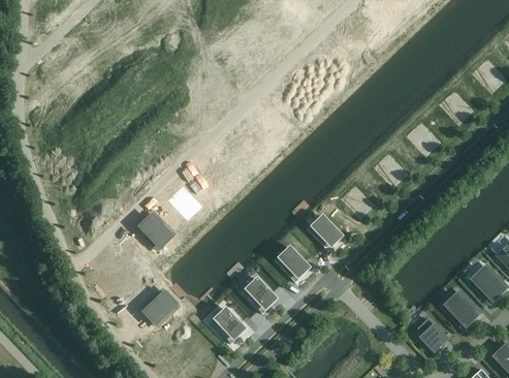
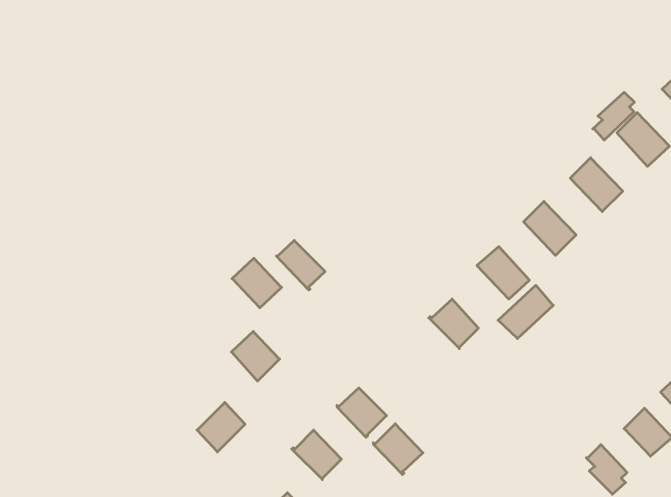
building: none -> [593,92,634,140]
building: none -> [276,240,325,290]
building: none -> [498,285,553,339]
building: [137,212,171,247] -> [231,331,280,381]
building: [275,245,310,281] -> [373,424,423,475]

